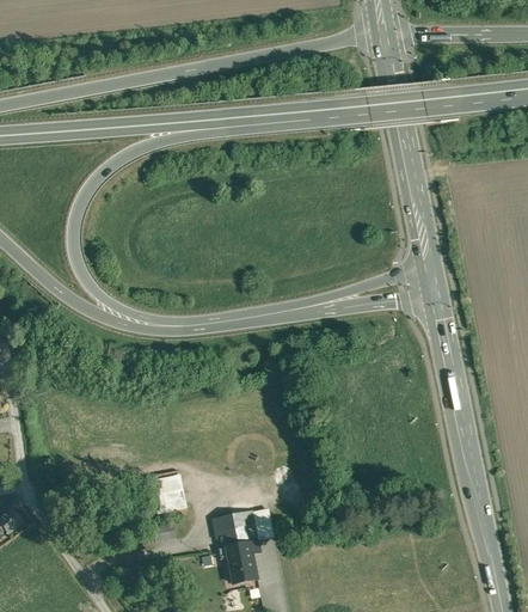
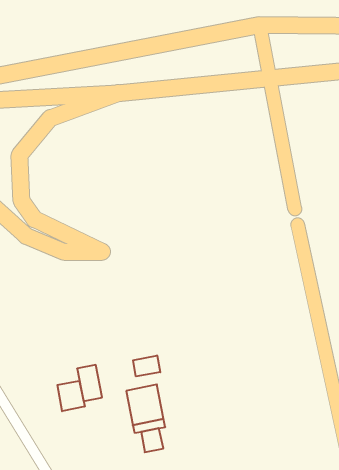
building: none -> [133,355,160,376]
building: none -> [57,381,85,411]

